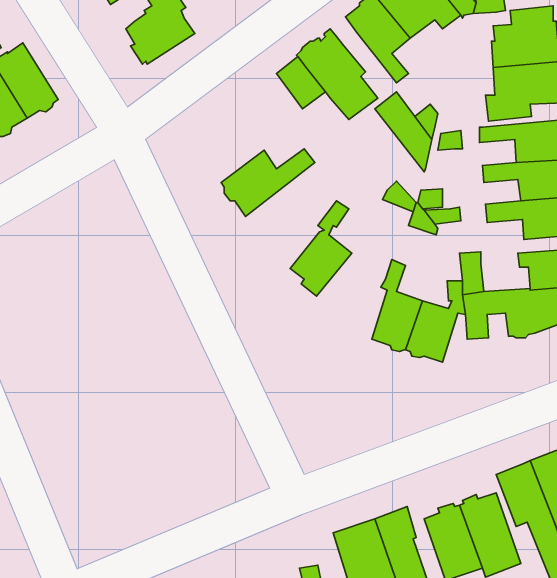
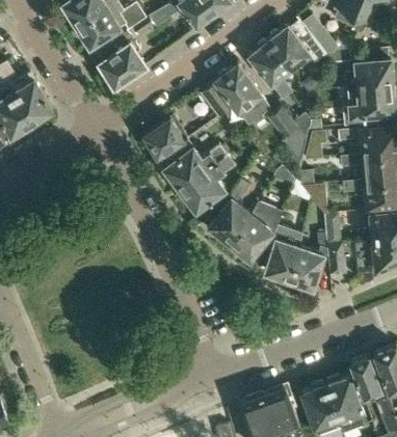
building: none -> [141,115,188,159]
building: none -> [180,154,234,211]
building: none -> [228,202,282,258]

